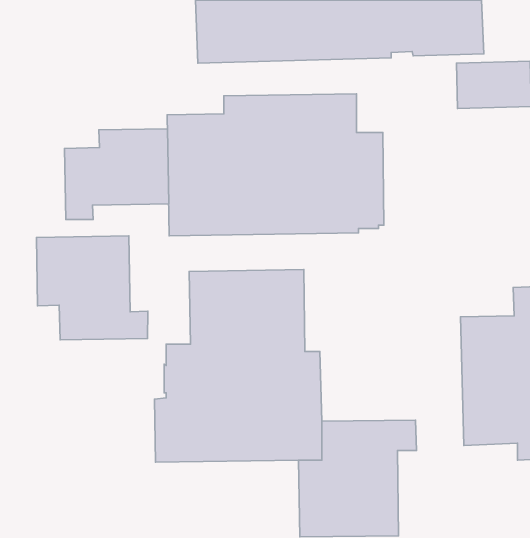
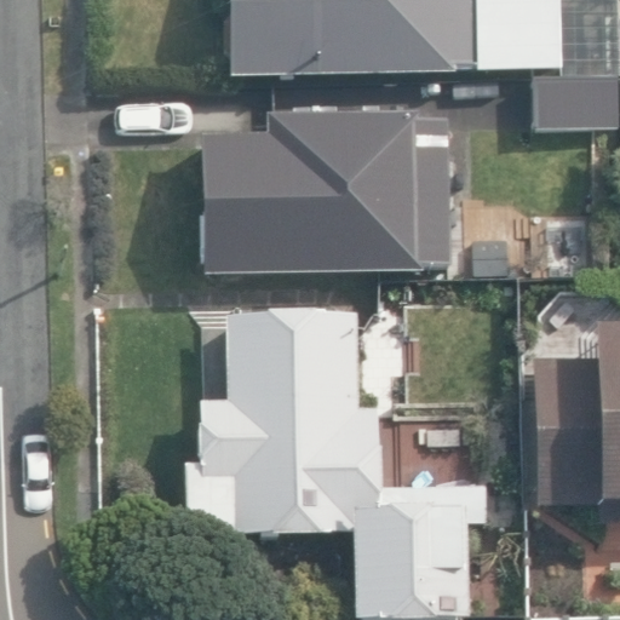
building: [65,129,169,220] -> none
building: [37,236,148,340] -> none

